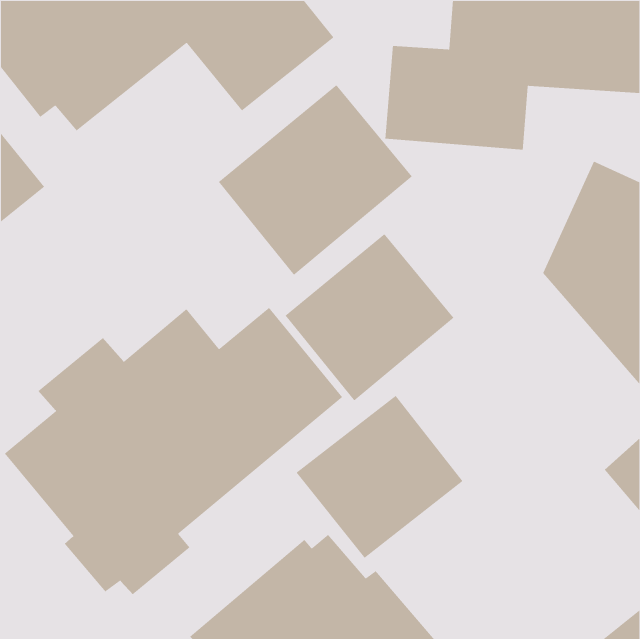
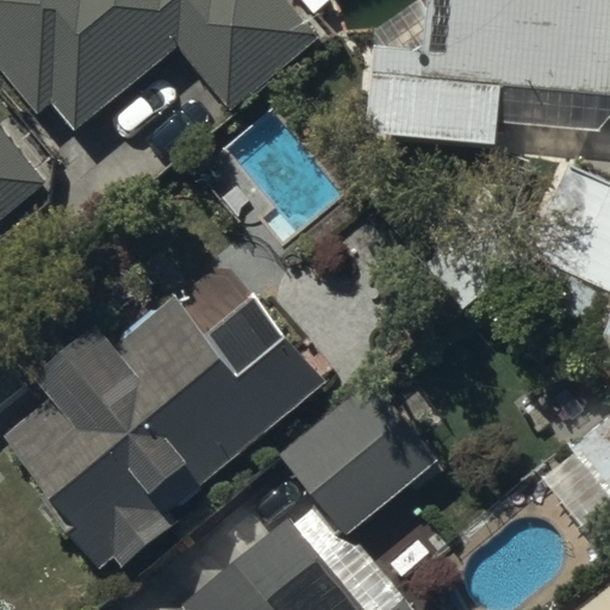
building: [218,84,413,276] -> none
building: [284,233,454,402] -> none

